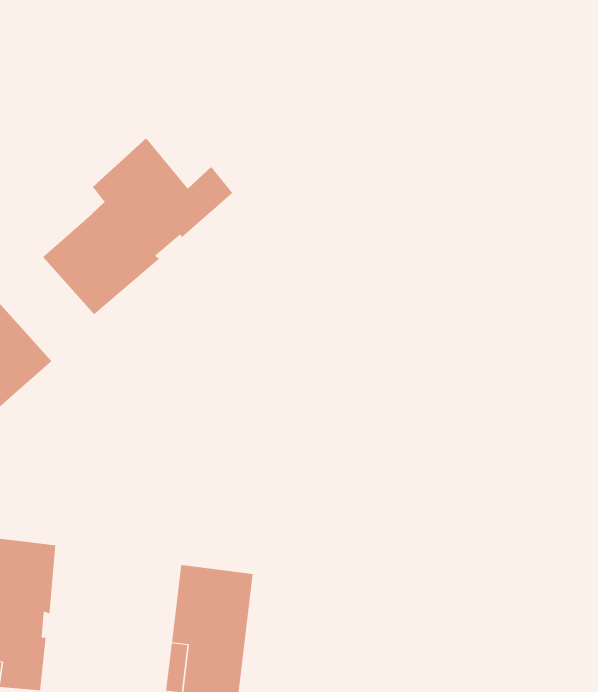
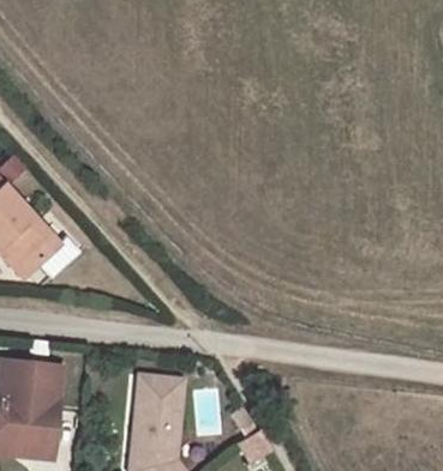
building: [42,138,233,315] -> none

